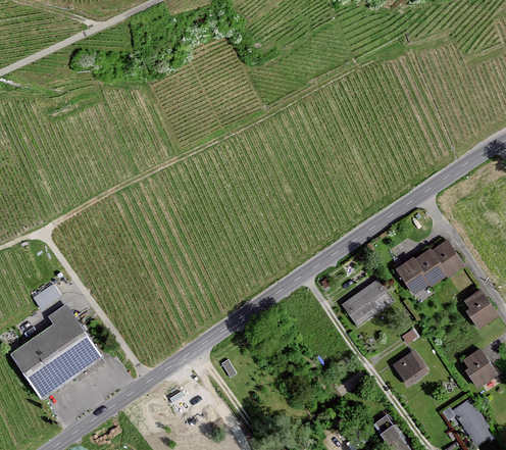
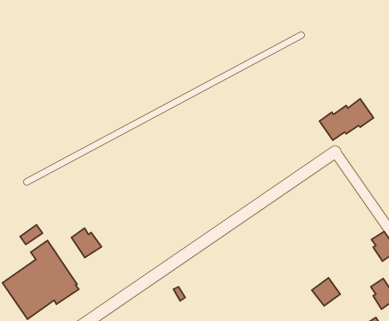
building: [396,242,462,293] -> [319,99,373,140]
building: [343,283,389,324] -> none
building: none -> [71,228,102,258]

